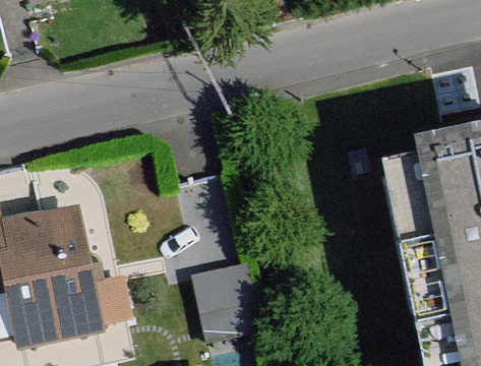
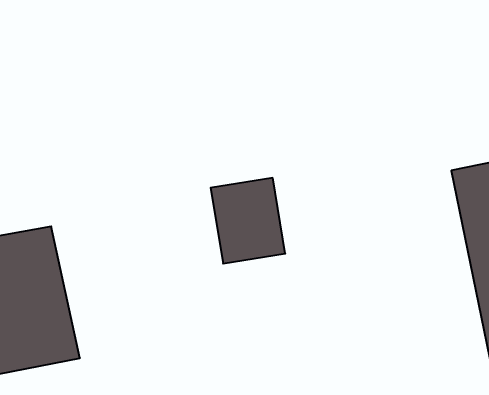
building: [204,253,265,323] -> [211,178,285,264]

